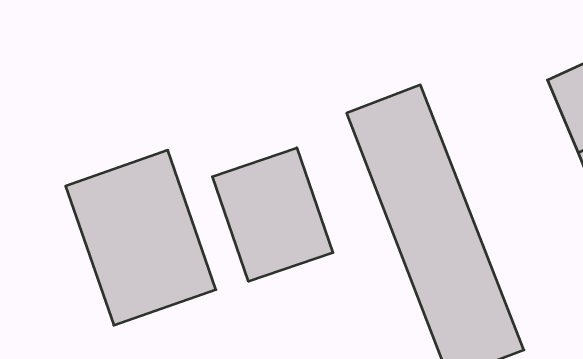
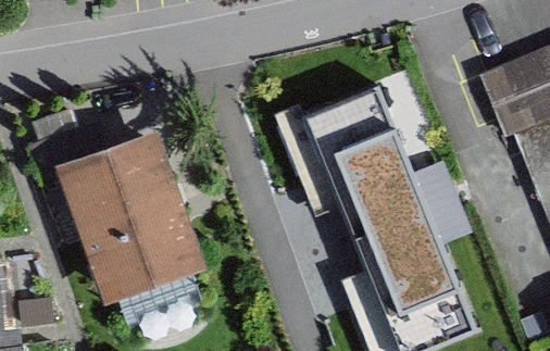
building: [212,148,333,281] -> none

